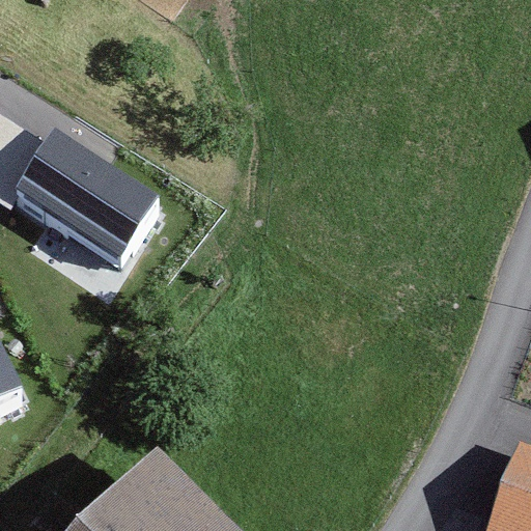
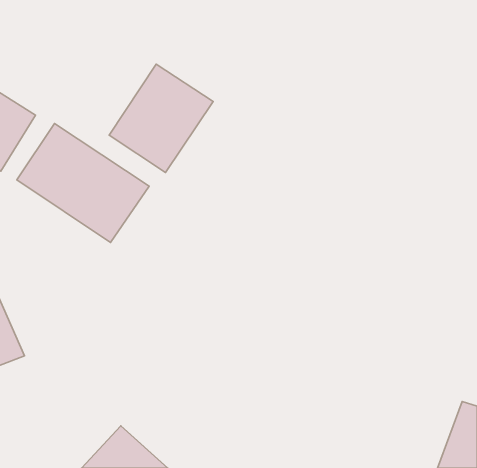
building: none -> [109,64,213,173]

